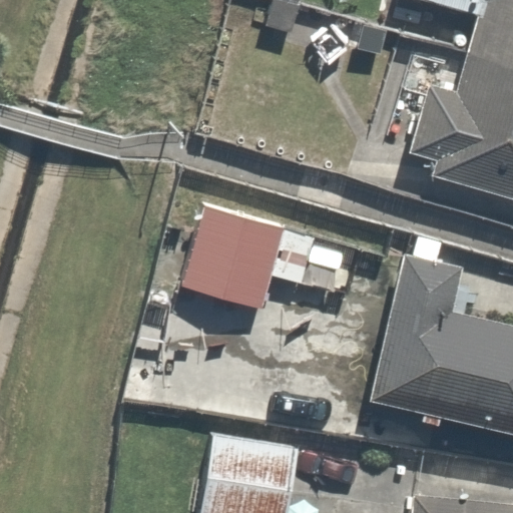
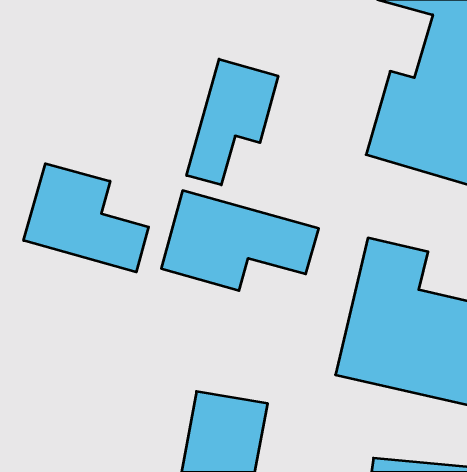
building: none -> [187,59,278,185]
building: none -> [24,164,149,272]

